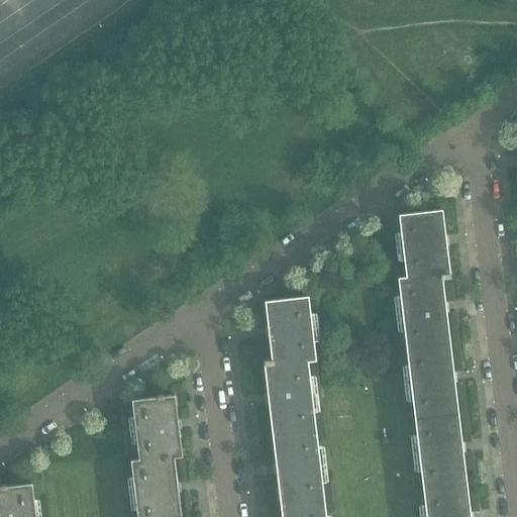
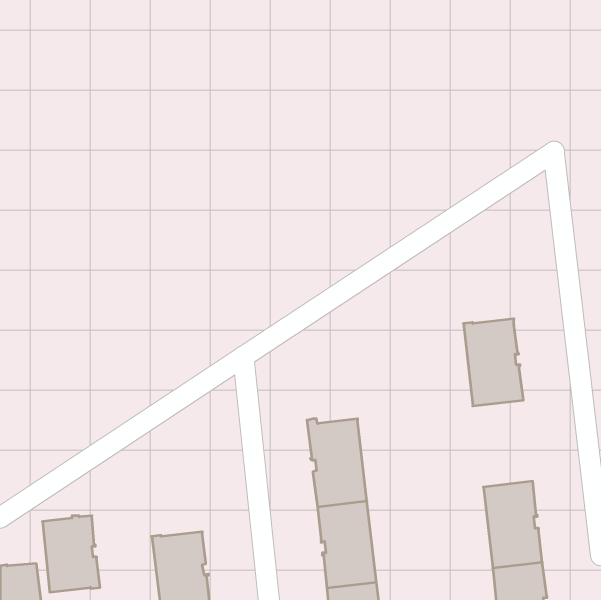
building: [399,211,449,280] -> none
building: [265,297,315,365] -> none
building: [406,344,457,419] -> none
building: [132,396,182,461] -> [42,516,100,592]

